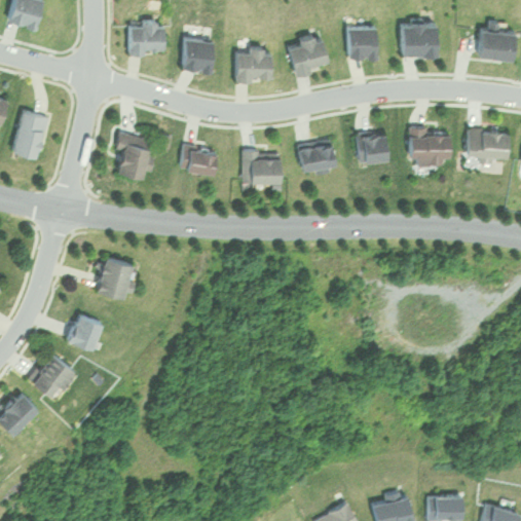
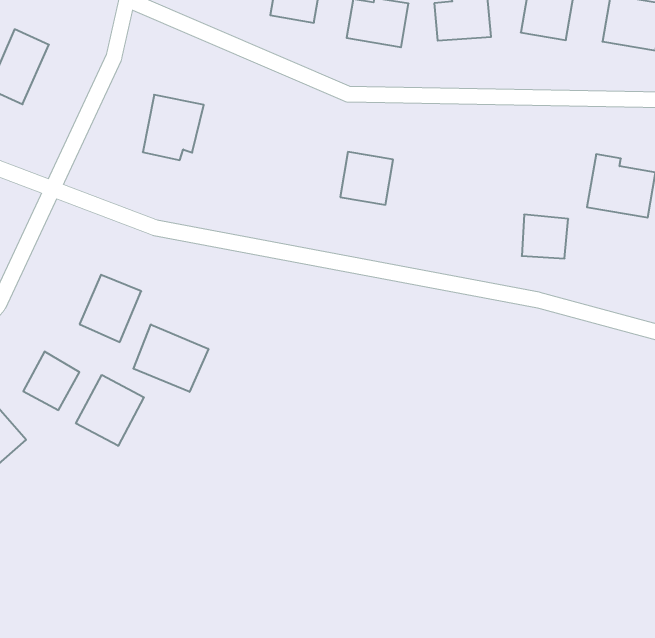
building: [357,133,387,161] -> [522,215,568,258]
building: [299,144,333,169] -> none
building: [186,150,217,175] -> none
building: none -> [133,324,208,392]
building: none -> [76,375,144,446]

